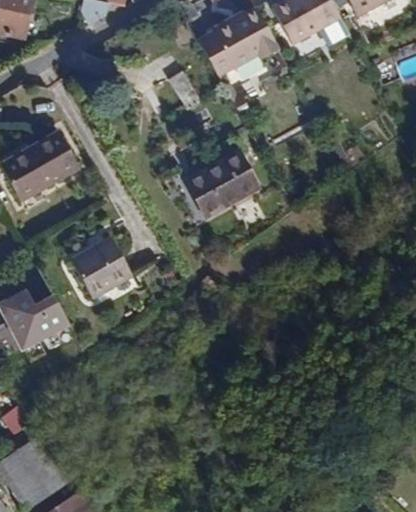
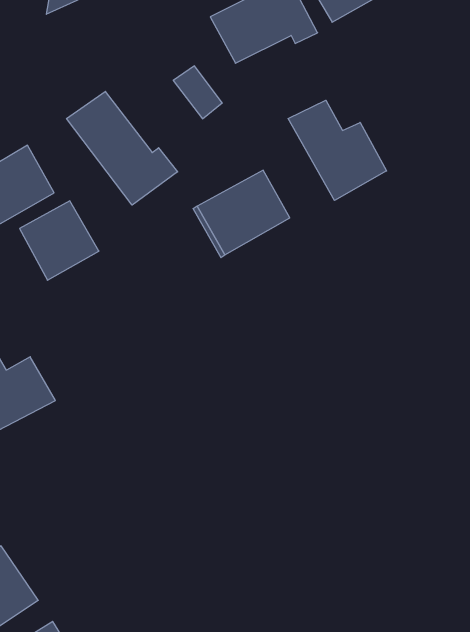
building: none -> [67,91,178,205]
building: none -> [288,100,387,200]
building: [71,238,131,298] -> [20,201,99,280]

